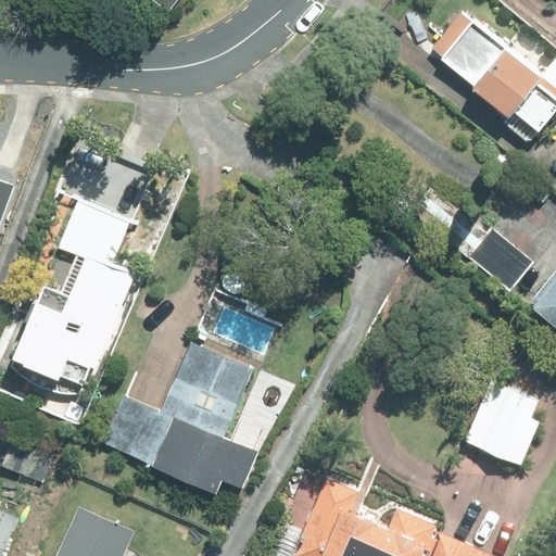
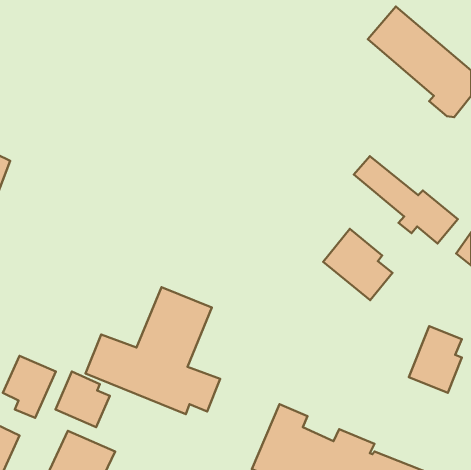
building: [16,200,136,375] -> none
building: none -> [323,229,393,300]
building: none -> [55,372,110,427]

